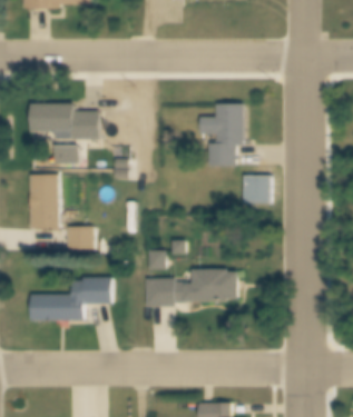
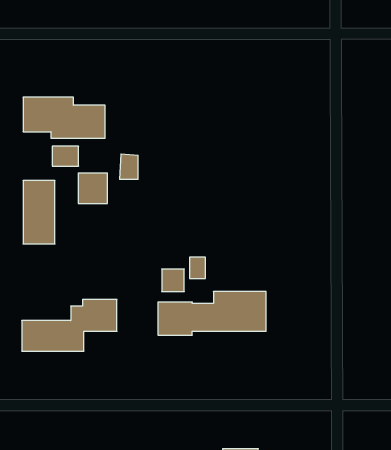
building: [199,103,243,167] -> none
building: [242,175,269,202] -> none
building: [67,227,91,252] -> [78,173,107,203]

